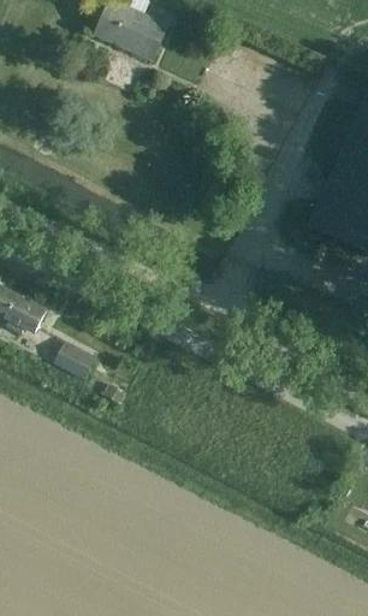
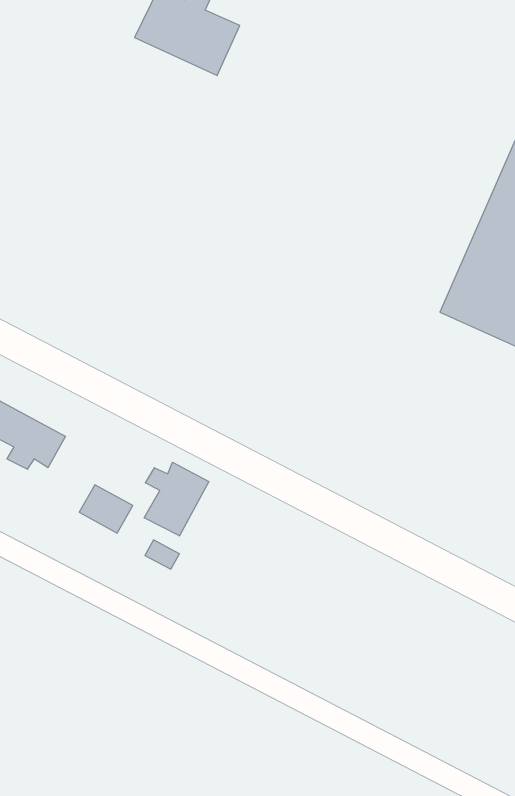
building: none -> [144,462,209,536]

